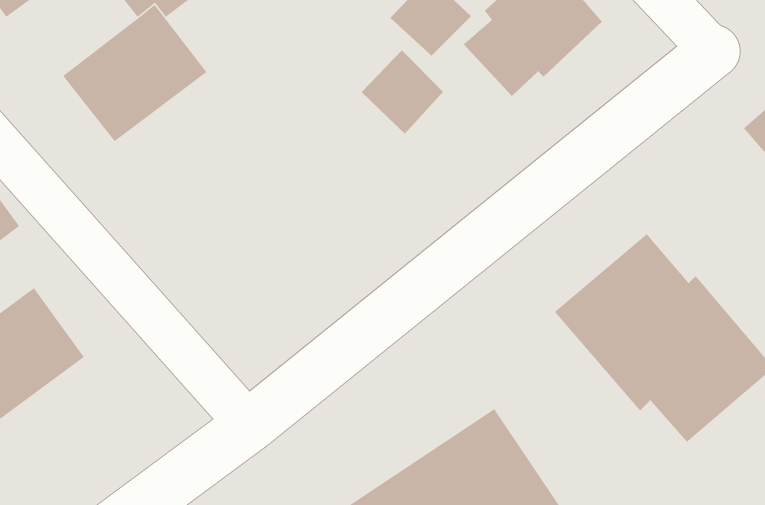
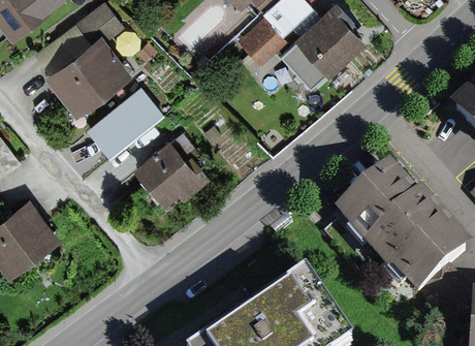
building: [361,50,444,134] -> none
building: none -> [87,89,162,158]
building: none -> [133,138,210,212]

